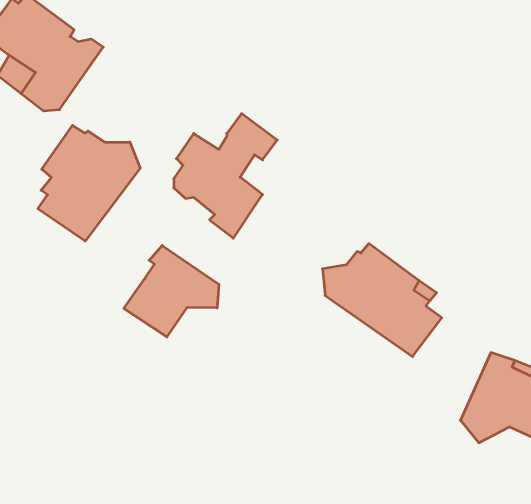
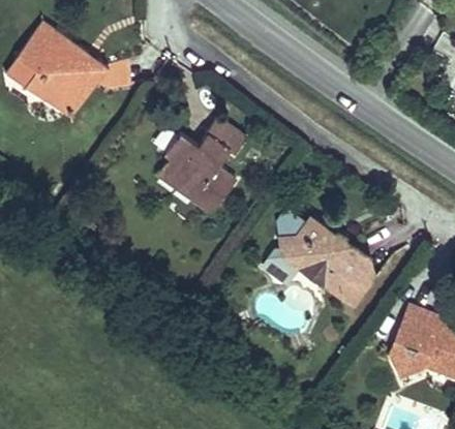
building: [38,125,140,241] -> none
building: [124,245,219,337] -> none

